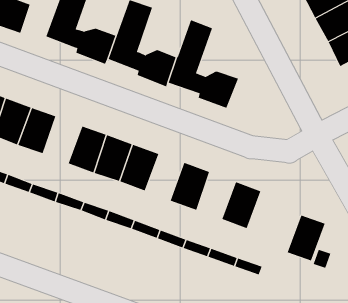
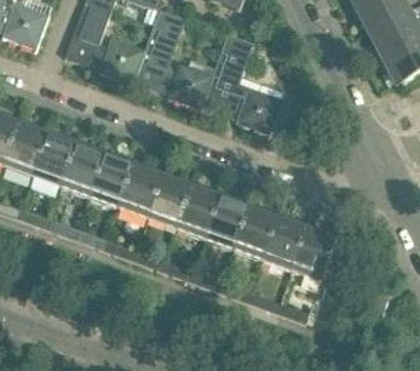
building: none -> [62,141,105,194]
building: none -> [177,183,220,236]
building: none -> [235,204,278,257]
building: [287,215,326,261] -> [292,226,335,278]

